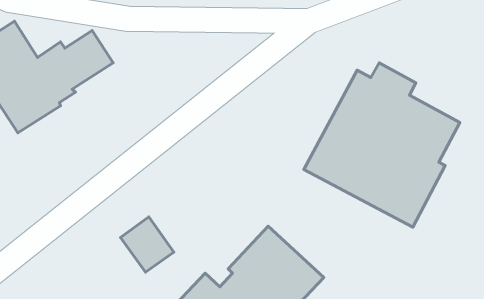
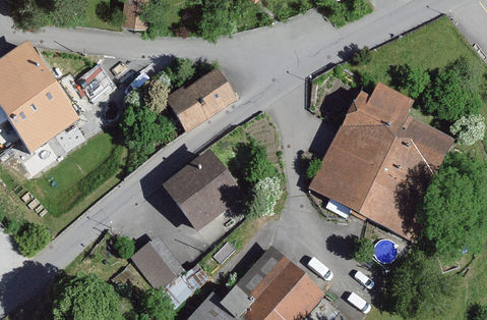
building: none -> [162,73,233,134]
building: none -> [164,153,244,233]

